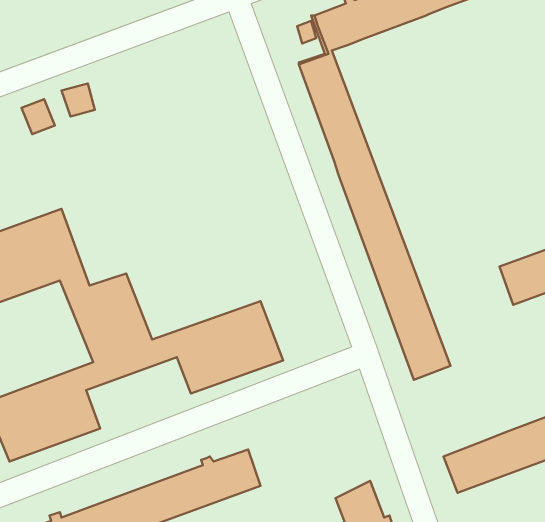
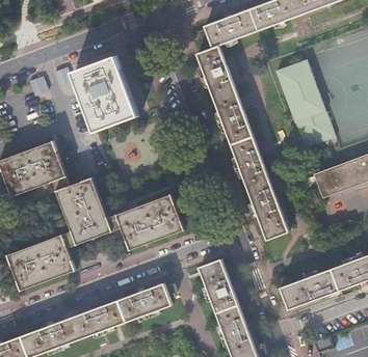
building: none -> [73,56,137,131]
building: none -> [277,60,336,148]
building: none -> [200,259,237,312]

